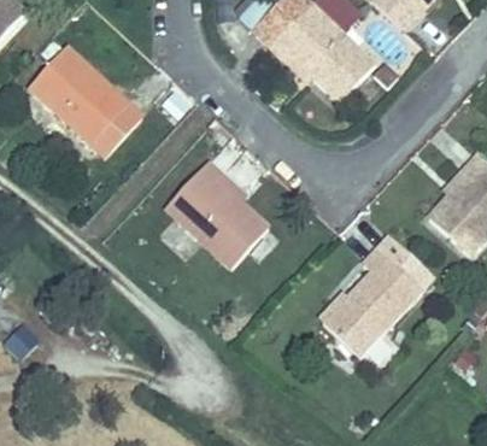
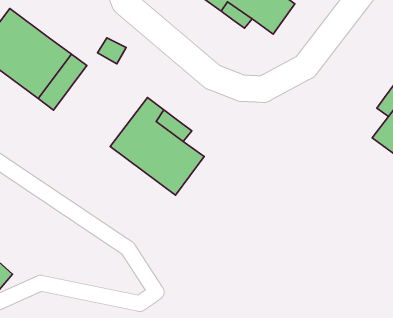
building: [328,229,448,363] -> none

